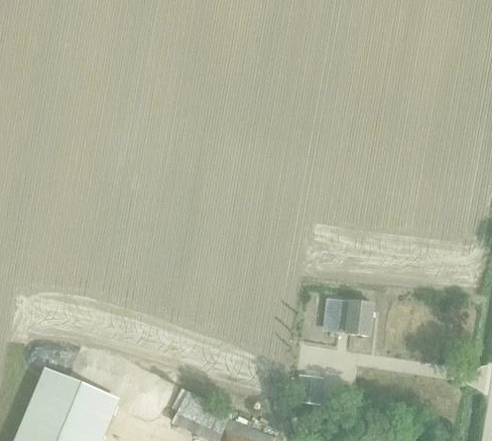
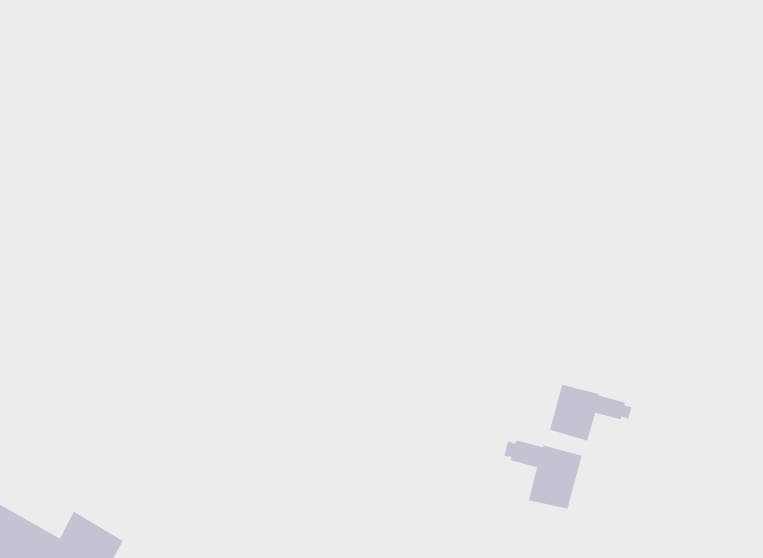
building: none -> [549,384,632,442]

